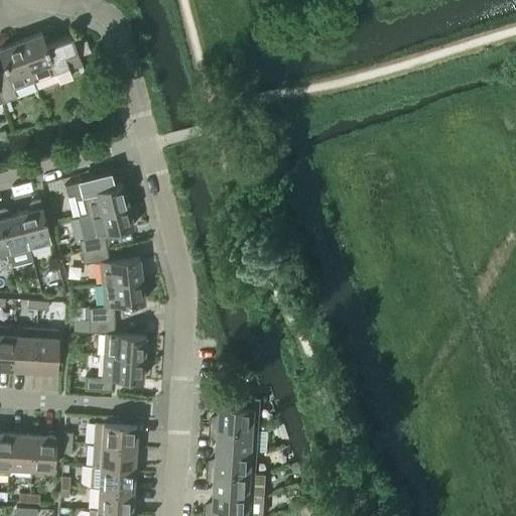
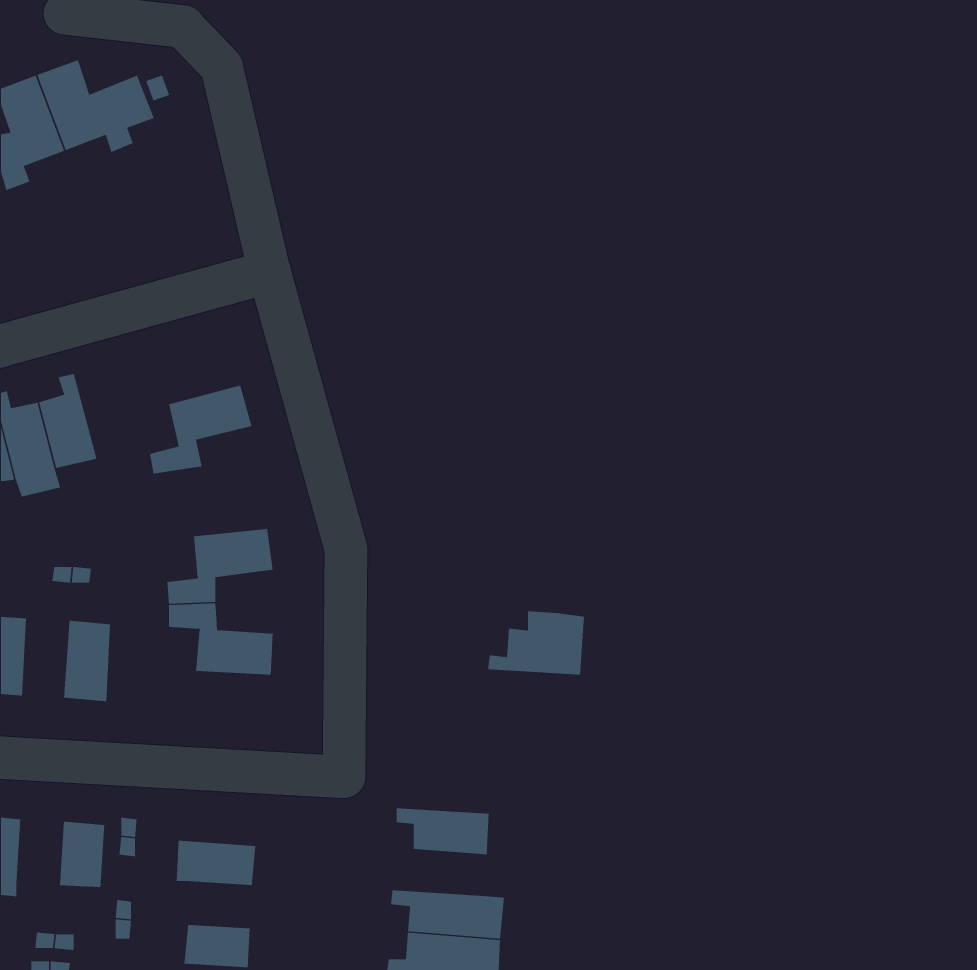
building: [64,175,127,220] -> none
building: [81,250,141,286] -> none
building: [12,330,36,372] -> none
building: [86,358,143,393] -> none
building: [209,398,260,432] -> [487,611,585,676]
building: [94,424,136,449] -> none
building: [9,435,33,471] -> none
building: [207,452,257,476] -> none
building: [89,469,133,493] -> none

